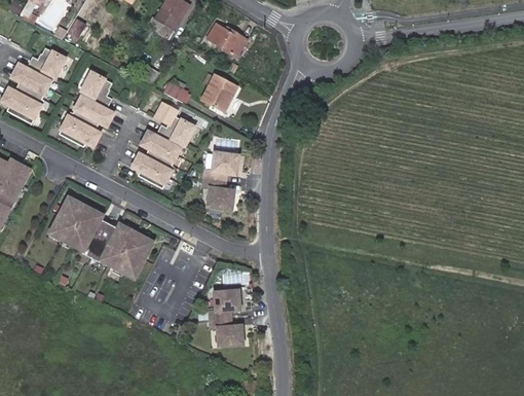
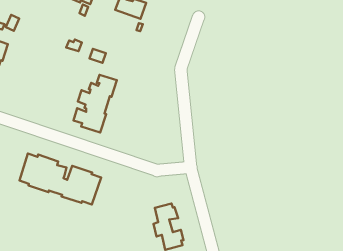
building: [59,71,114,146] -> none
building: [201,71,236,108] -> none
building: [203,152,238,210] -> none

